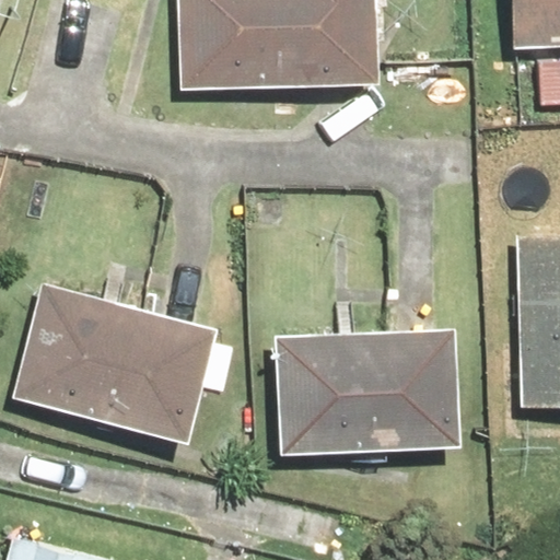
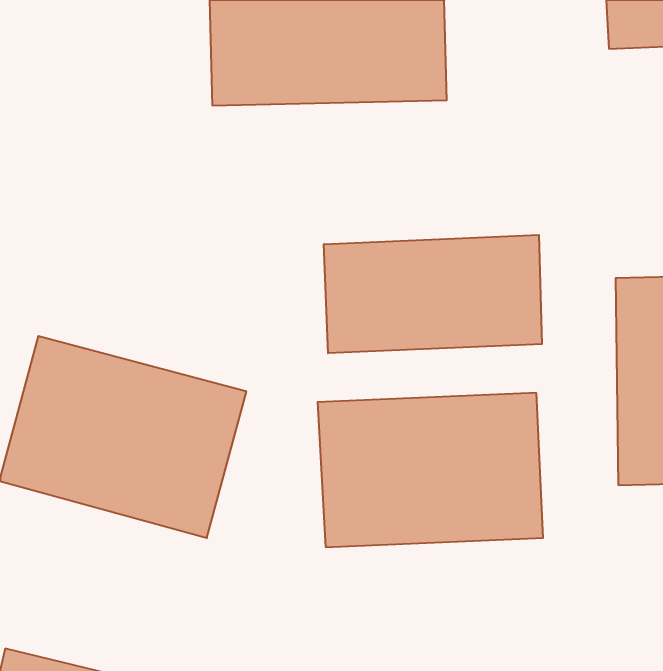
building: none -> [324,235,542,353]

